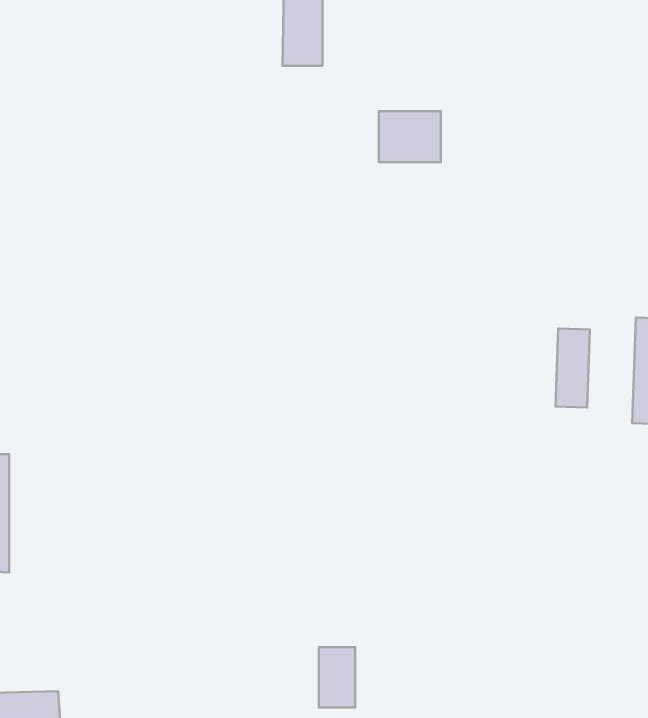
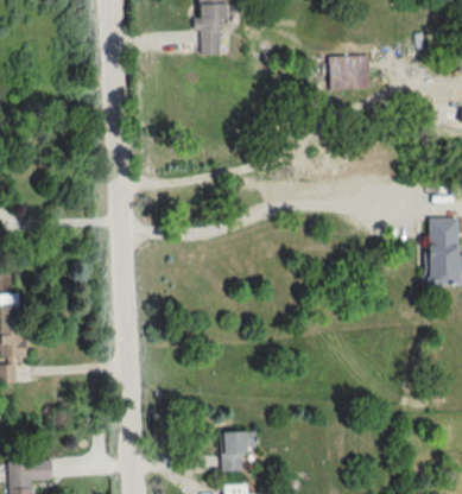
building: [379,111,441,162] -> [329,56,369,89]
building: [556,328,590,408] -> none

